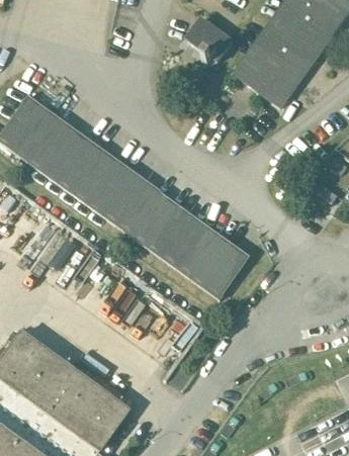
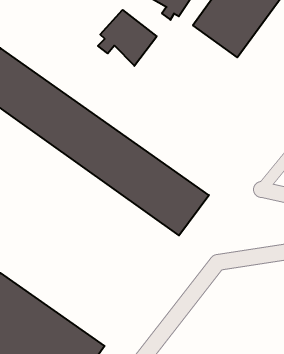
building: none -> [98,10,157,66]

